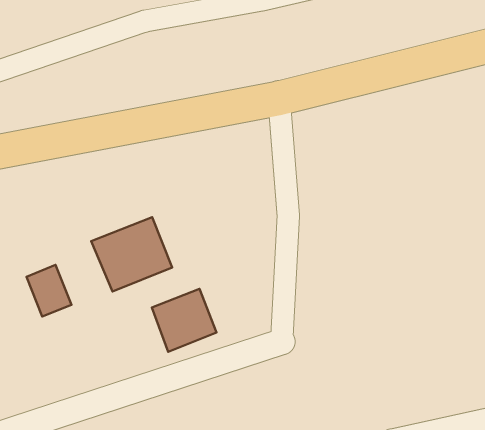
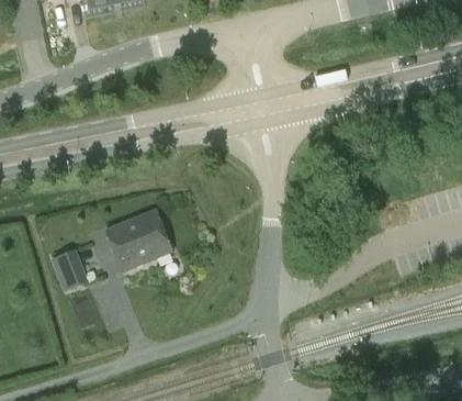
building: [152,289,217,352] -> none

